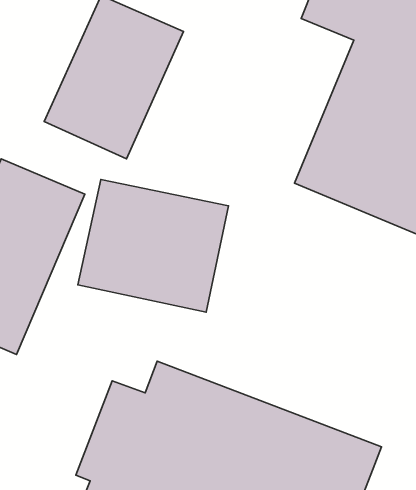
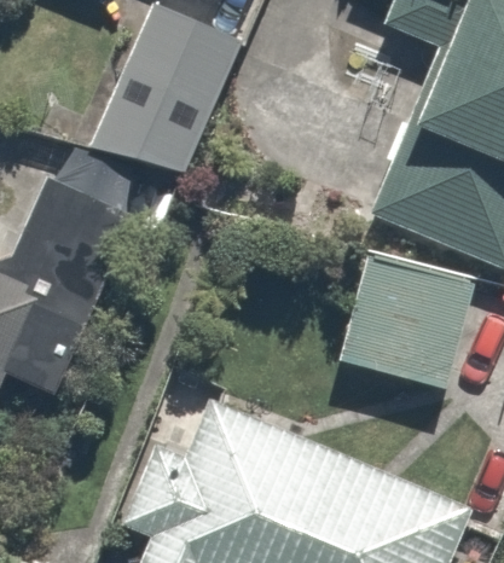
building: [78,179,228,312] -> none
building: none -> [337,245,467,382]

